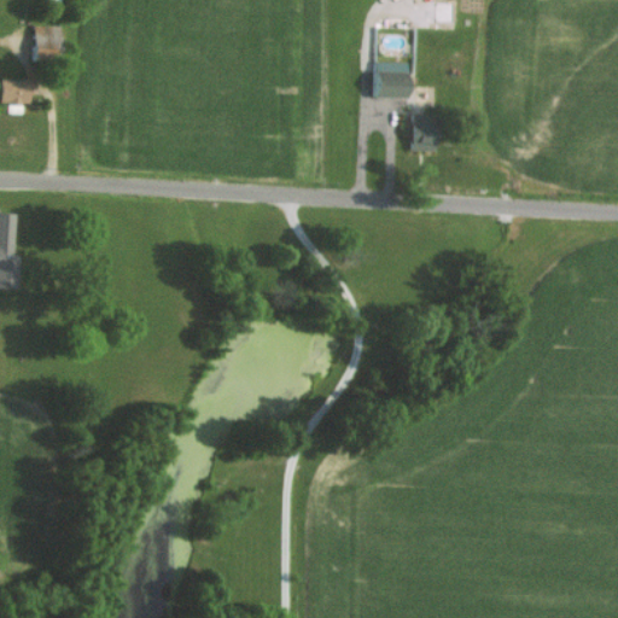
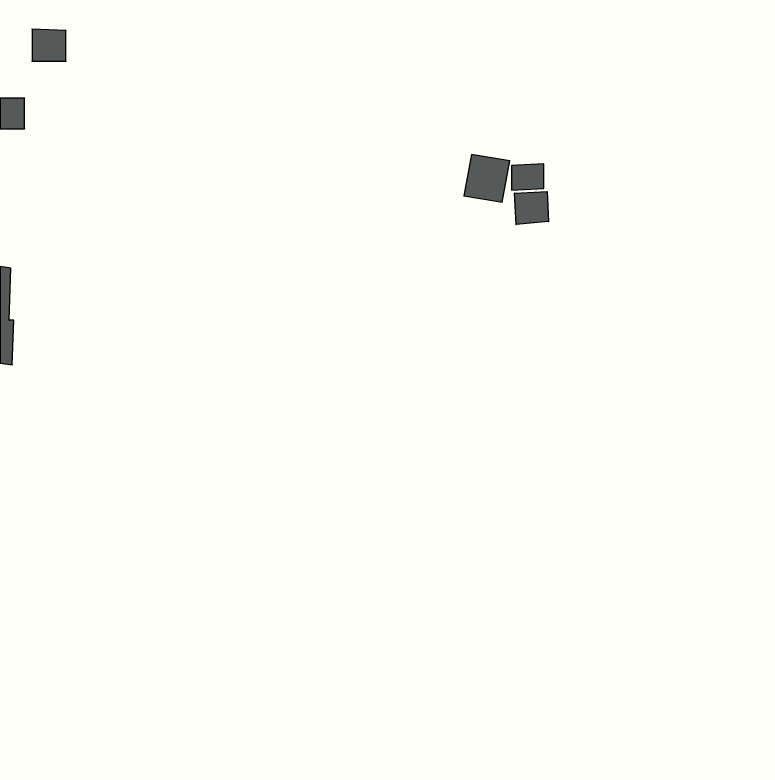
building: [371,60,407,98] -> [464,155,510,202]
building: none -> [515,192,549,225]

